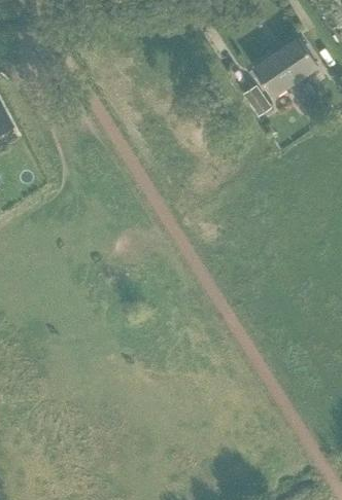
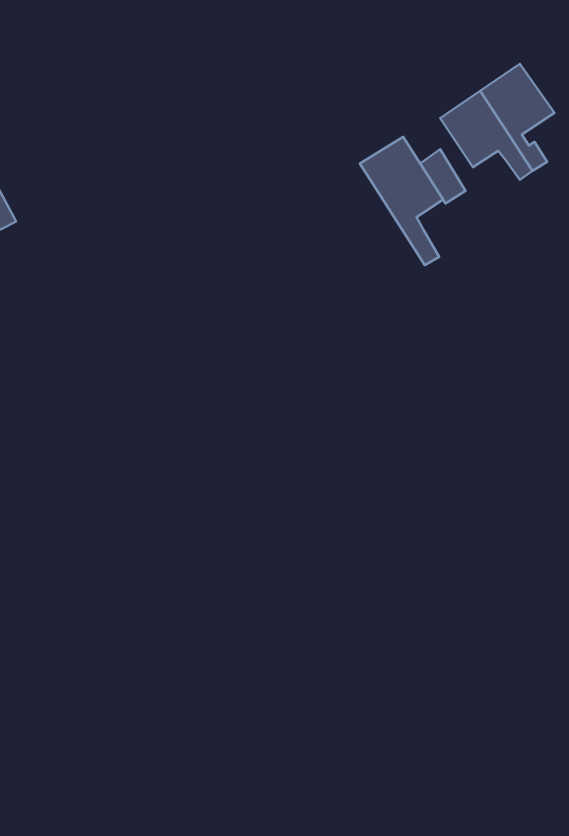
building: none -> [360,137,443,265]

